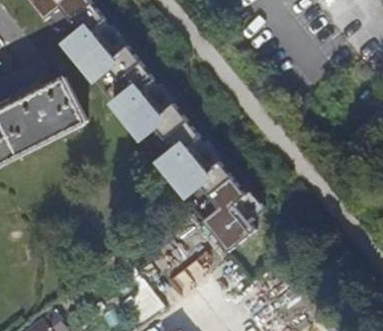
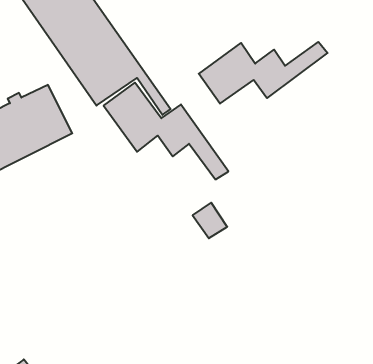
building: none -> [199,42,328,104]
building: [154,136,267,248] -> none

